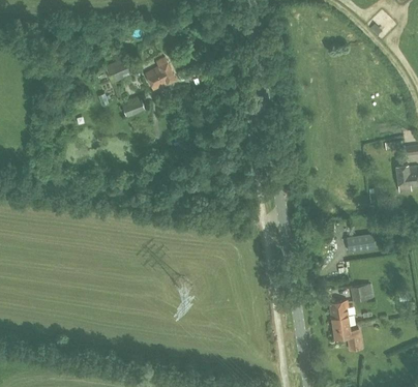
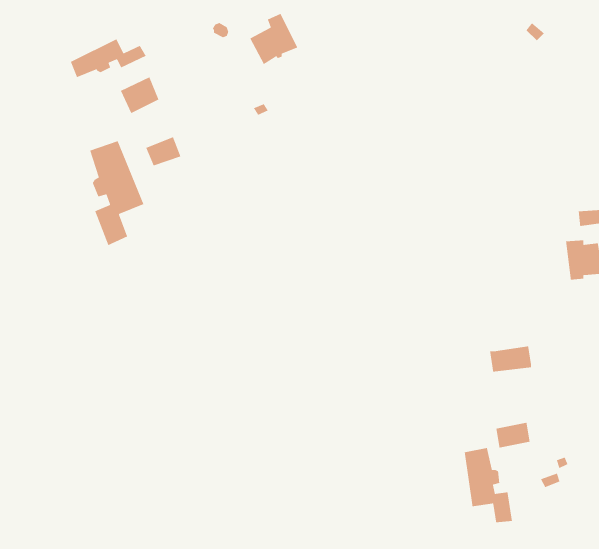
building: none -> [70,38,147,78]
building: [144,57,176,91] -> [249,13,298,65]
building: none -> [89,140,145,246]

